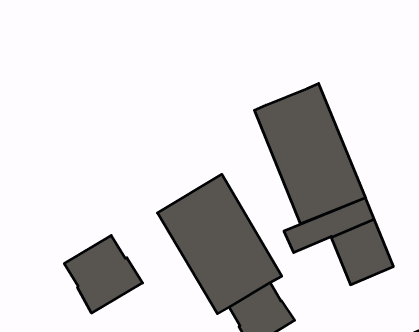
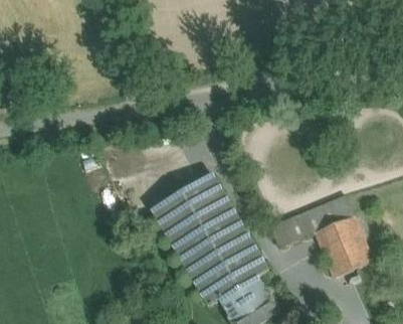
building: [254,83,366,224] -> none
building: [64,235,143,313] -> none

